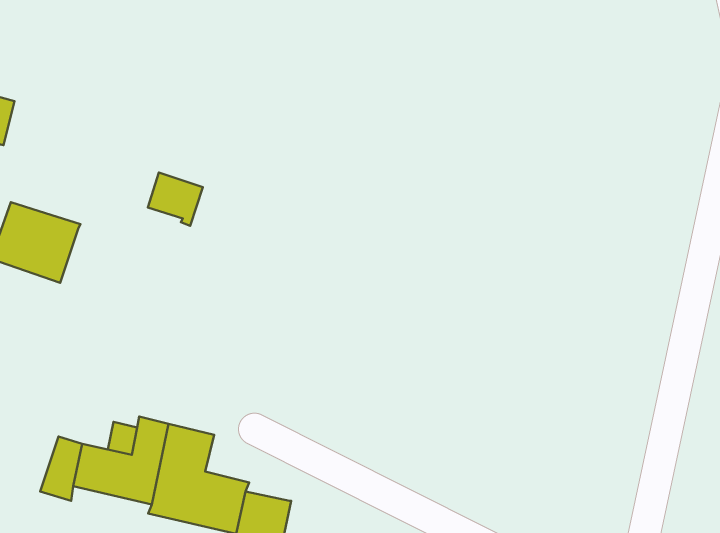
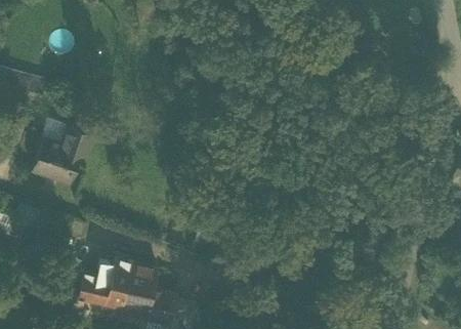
building: [148,173,203,226] -> [62,126,93,156]

